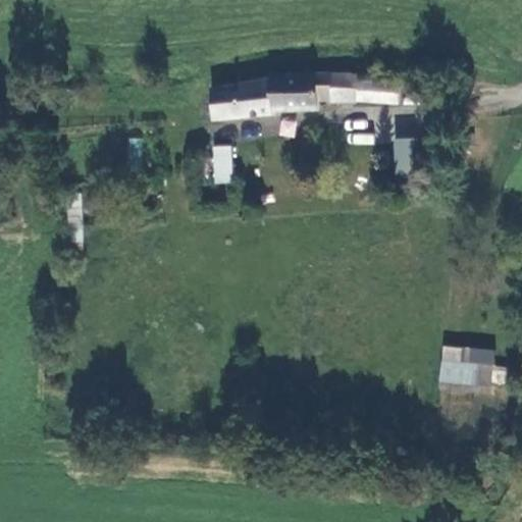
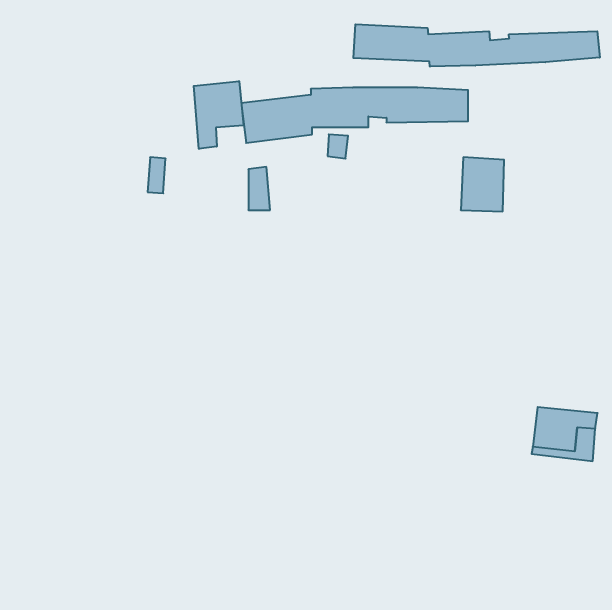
building: none -> [353,24,600,67]
building: none -> [194,81,243,149]

